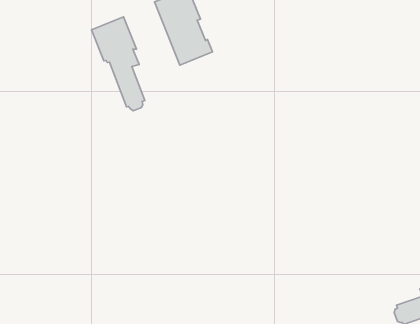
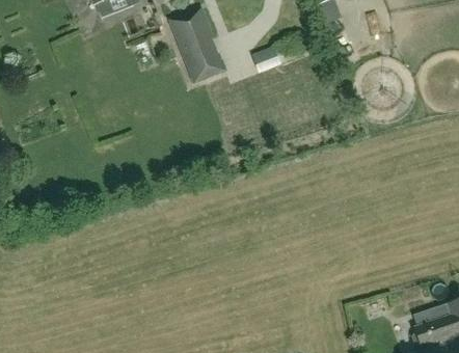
building: [91,17,145,111] -> none

